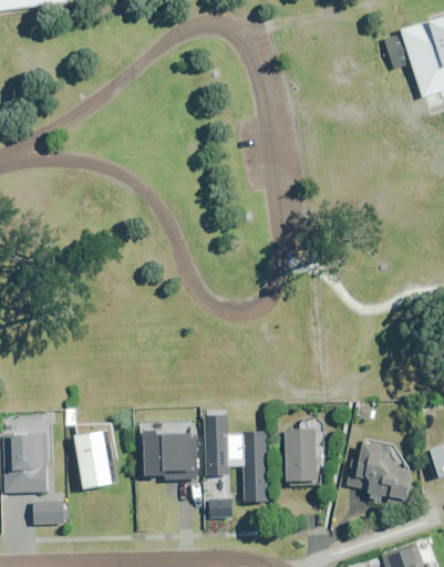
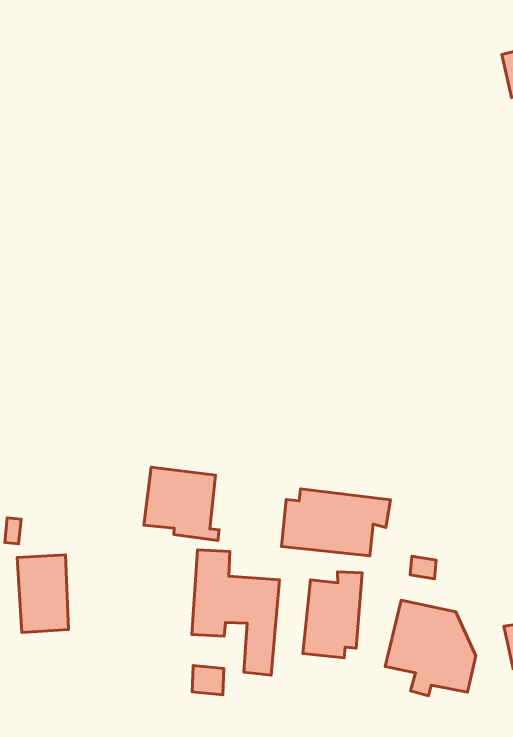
building: none -> [281,489,391,556]
building: [144,433,198,481] -> [144,467,219,541]

